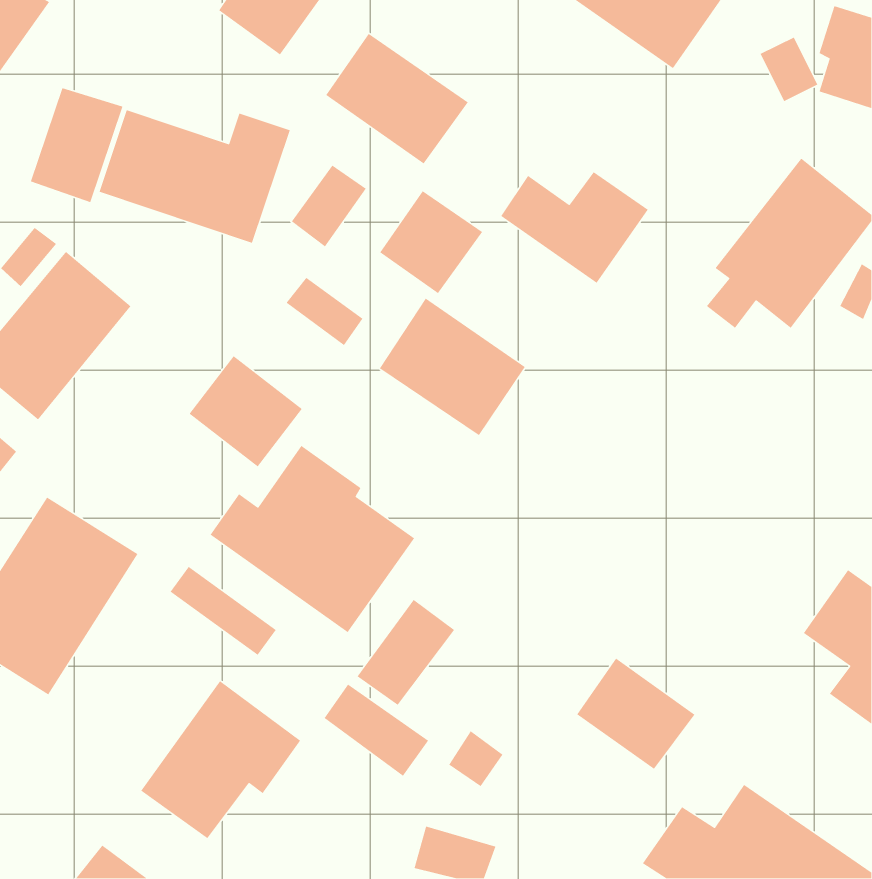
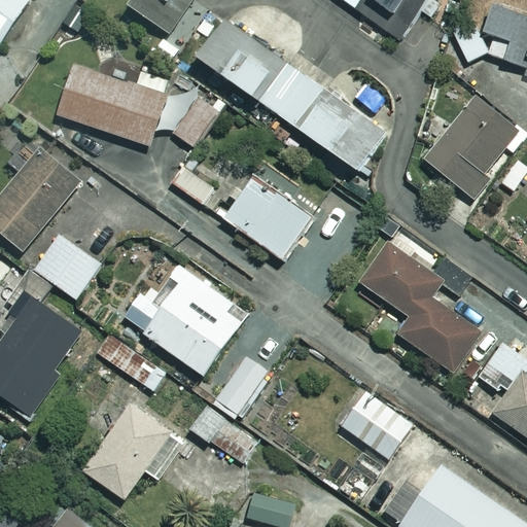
building: [30,87,123,203] -> none
building: [379,190,483,294] -> [259,63,321,125]
building: [189,355,303,468] -> [34,232,102,298]
building: none -> [360,242,481,372]

